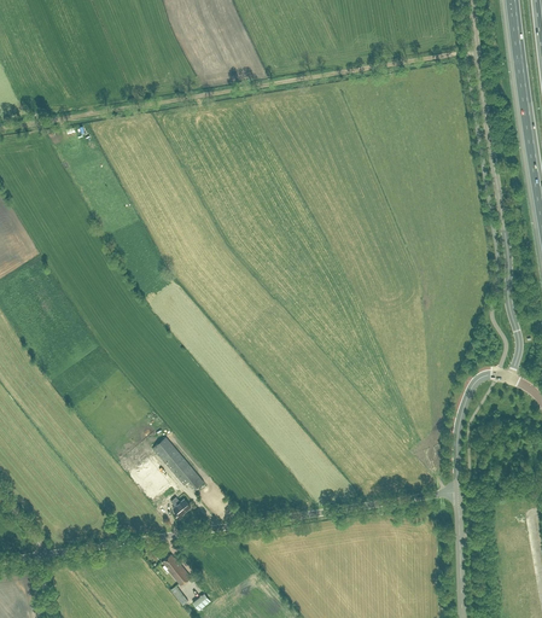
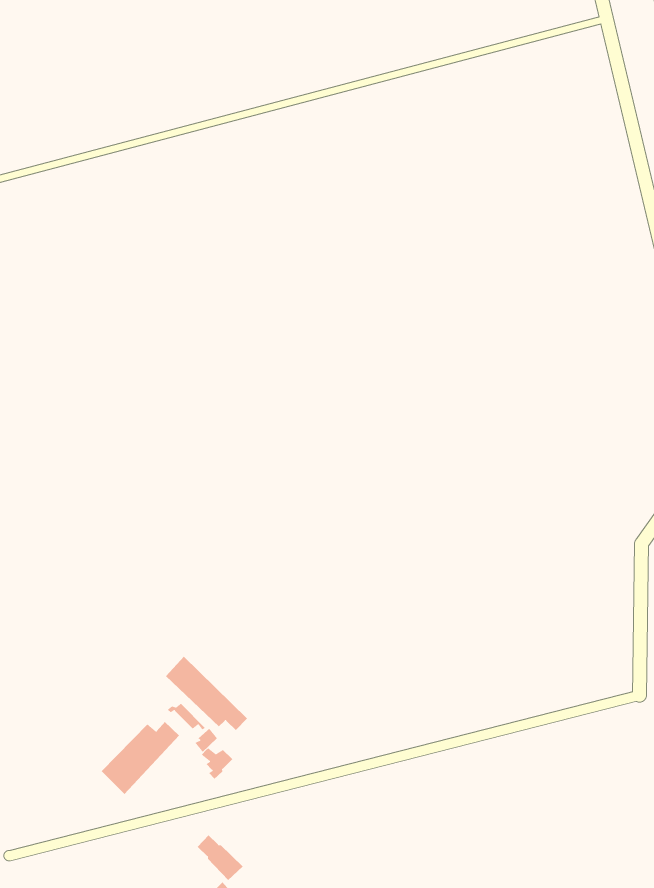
building: none -> [101,721,180,795]

